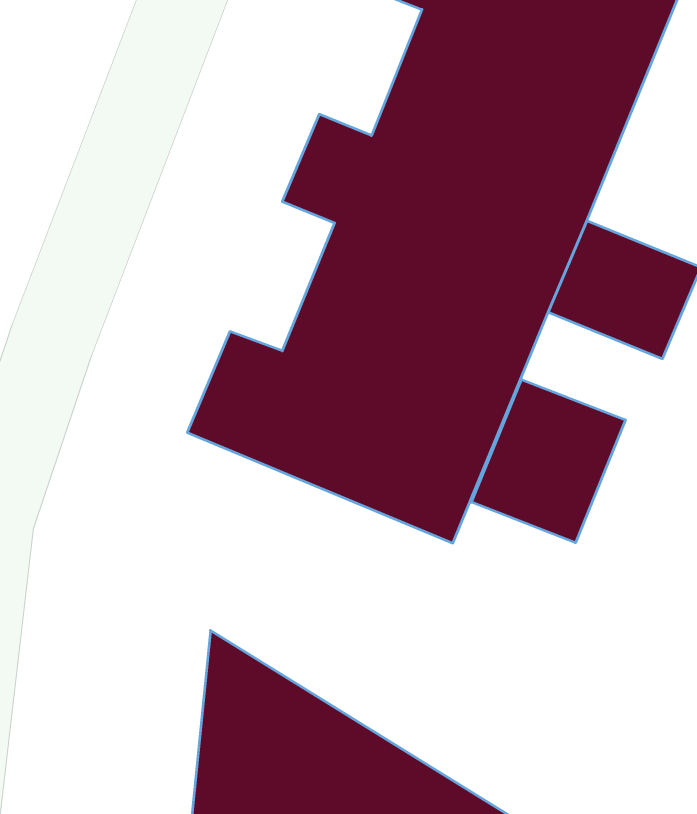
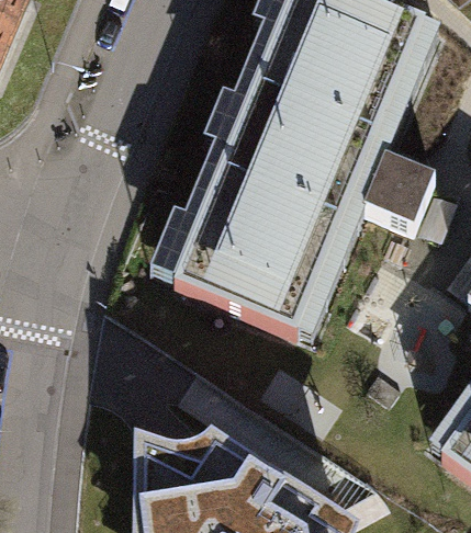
building: [472,379,625,543] -> none

